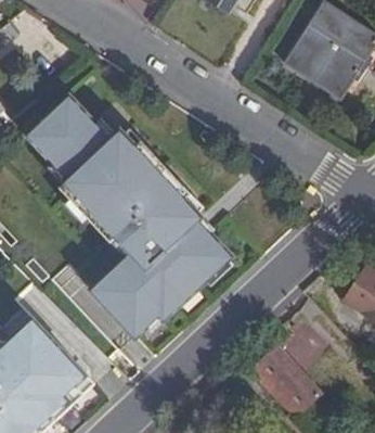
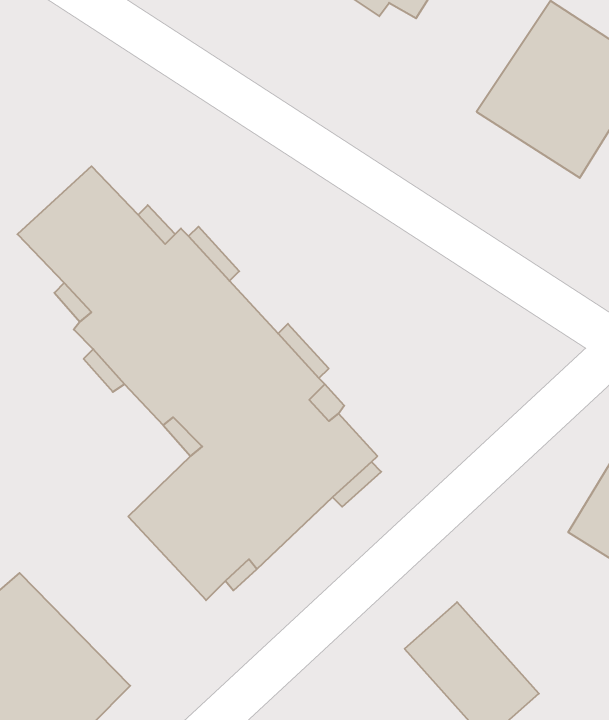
building: [281,313,329,361] -> none

